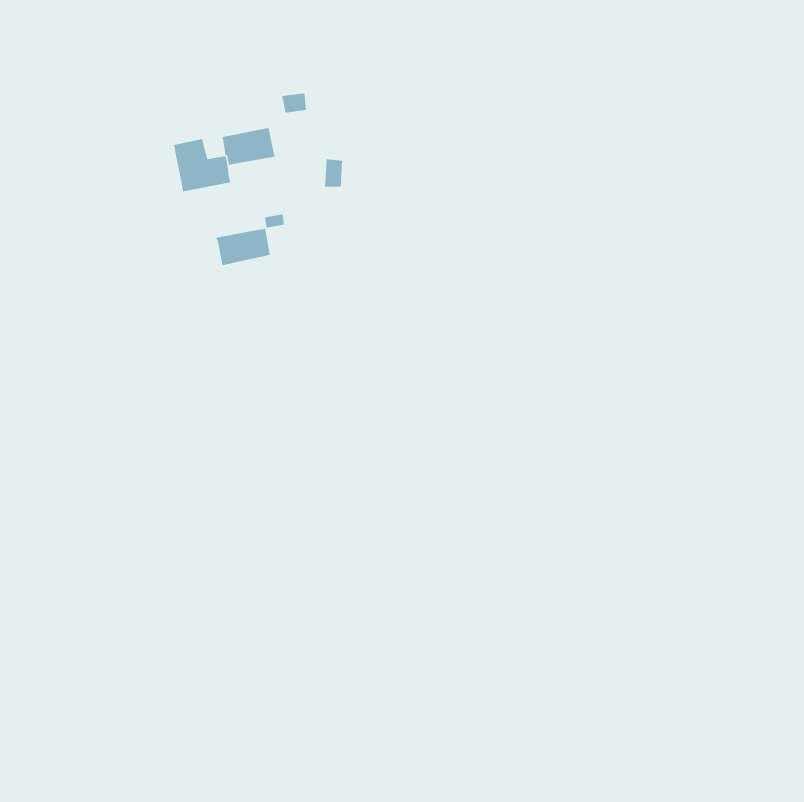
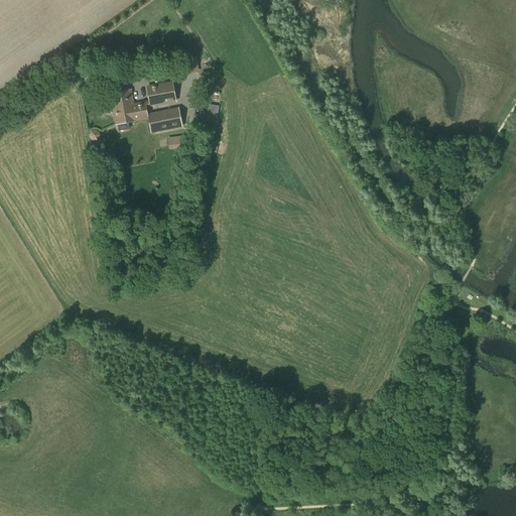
building: [216,228,271,266] -> [147,108,182,132]

